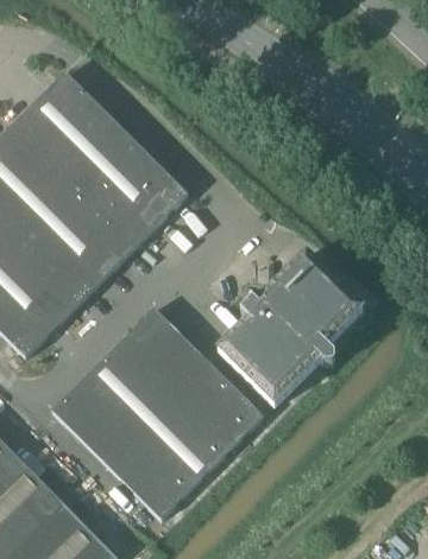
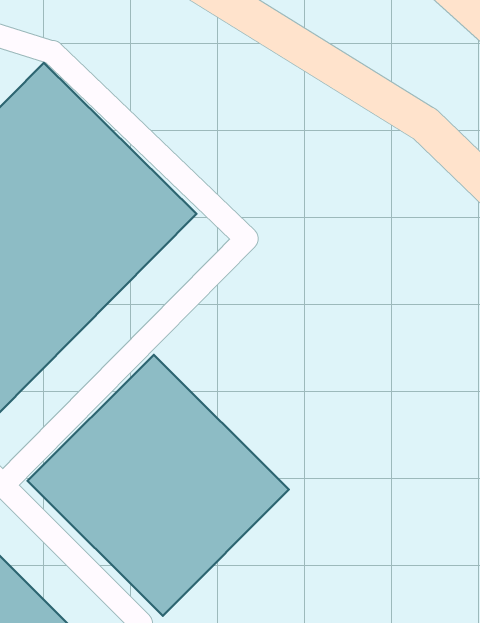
building: [218,254,361,406] -> none

